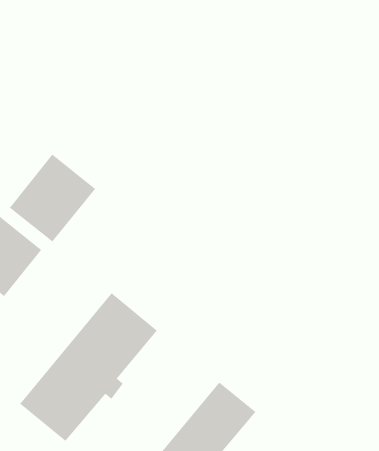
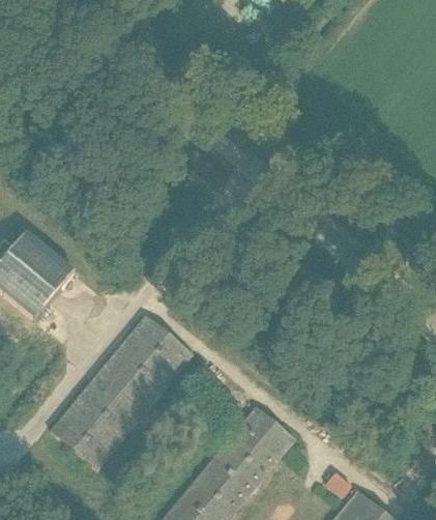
building: [9,153,96,242] -> none

